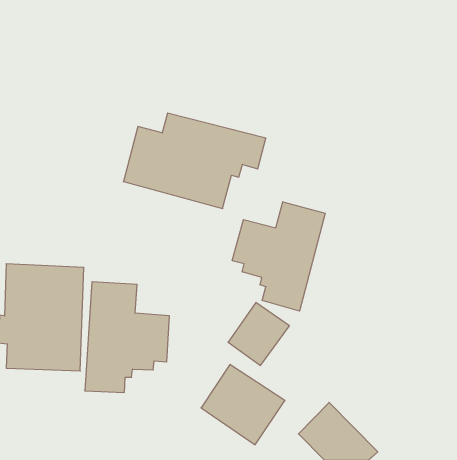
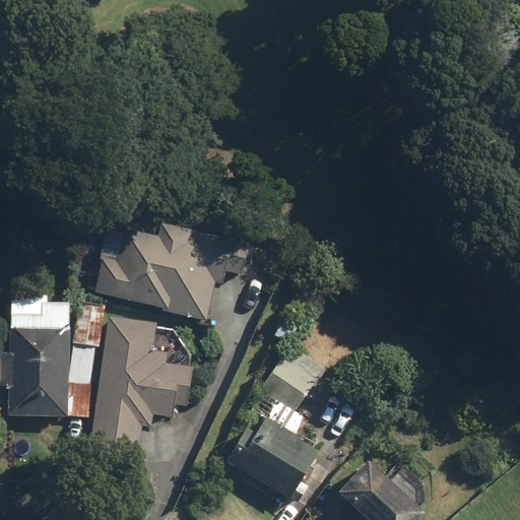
building: [123,113,266,209] -> [90,214,251,322]
building: [232,202,325,311] -> none

